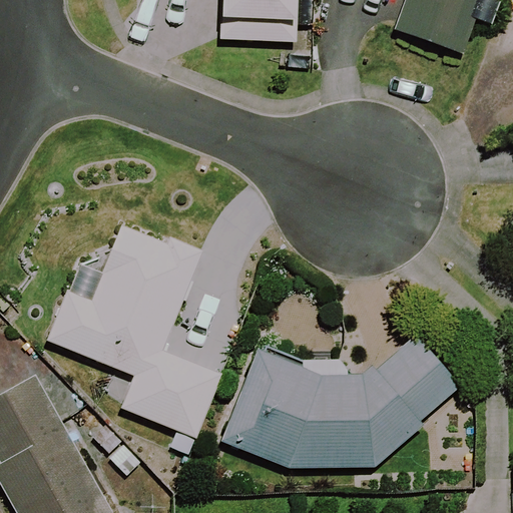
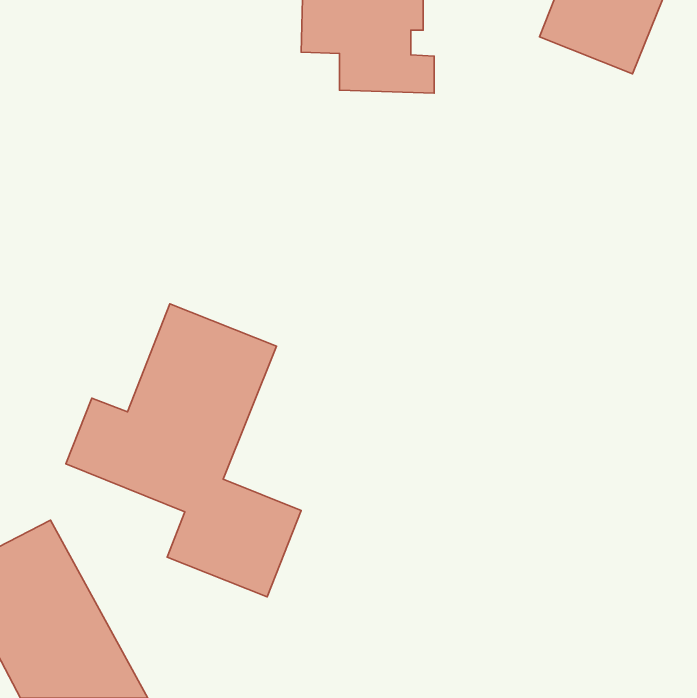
building: [222,337,453,465] -> none

